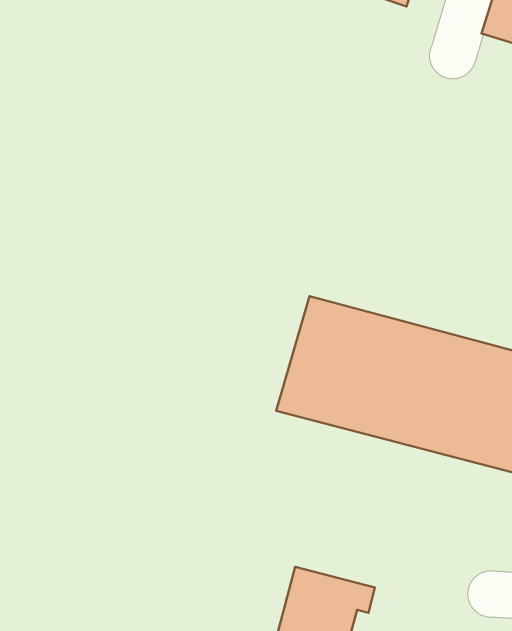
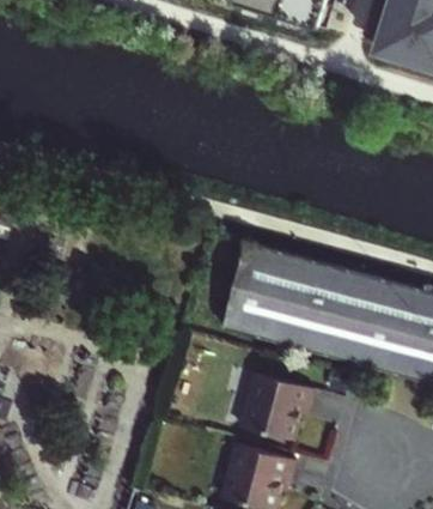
building: none -> [239,369,313,437]

